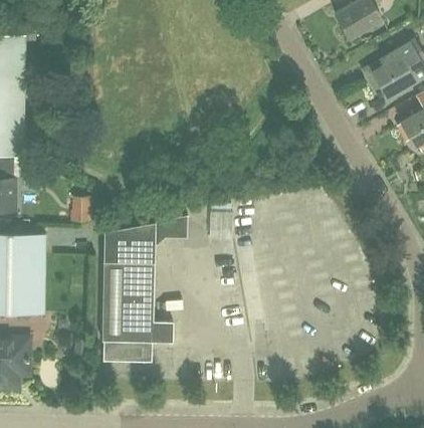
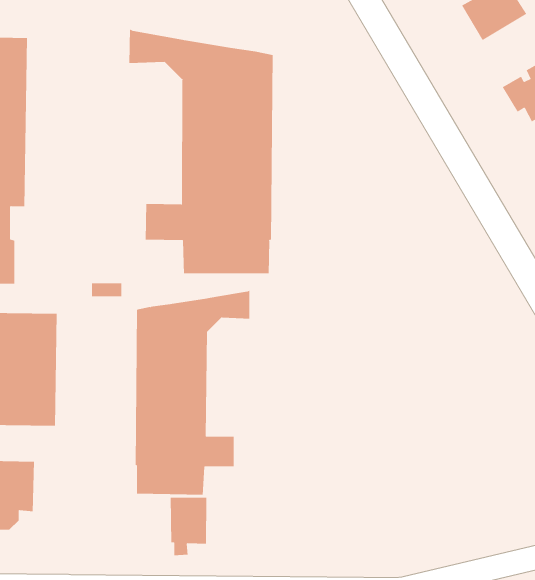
building: none -> [129,28,273,274]
building: none -> [170,497,207,556]

